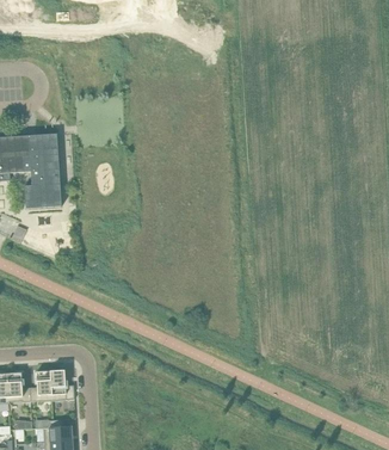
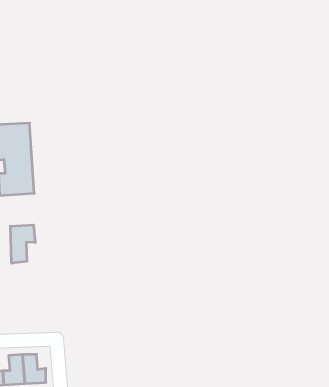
building: none -> [10,225,35,263]

